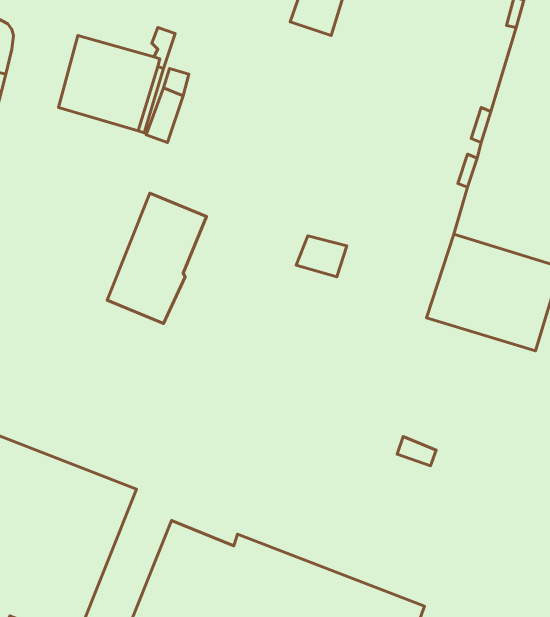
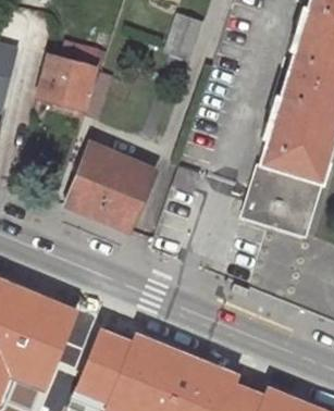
building: none -> [97,157,154,231]

